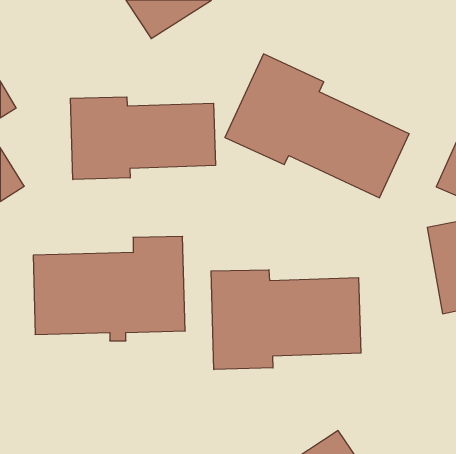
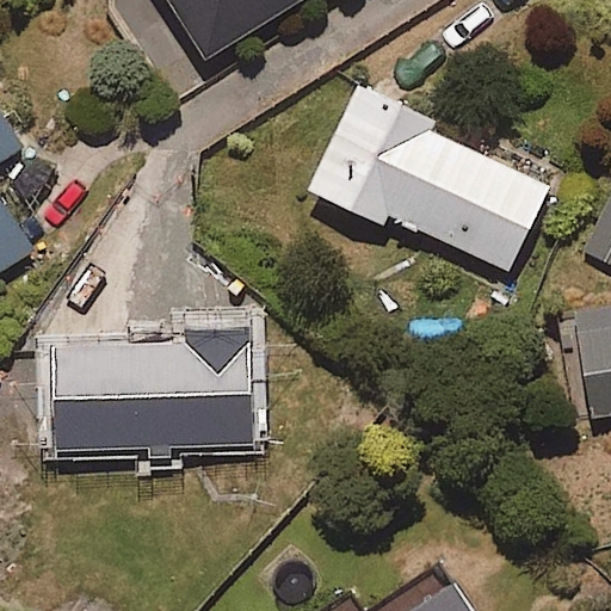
building: [71,97,215,180] -> none
building: [211,270,361,370] -> none

